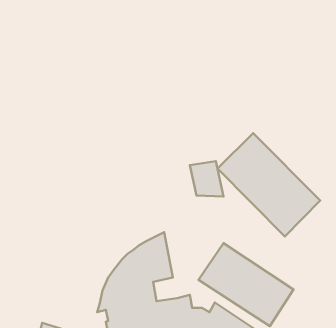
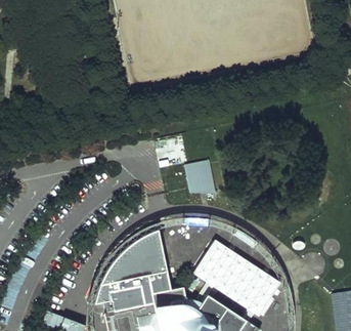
building: [217,133,320,237] -> none
building: none -> [148,271,171,293]

